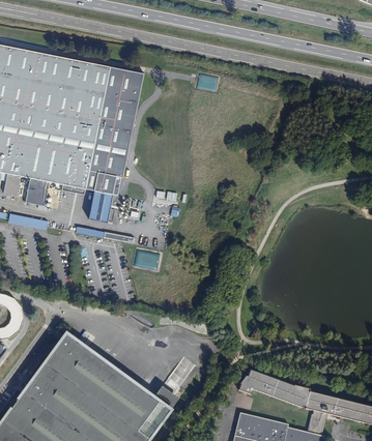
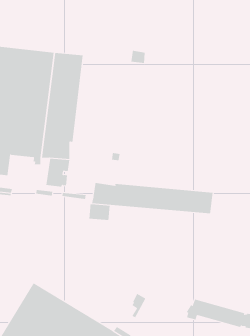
building: none -> [91,182,213,214]

